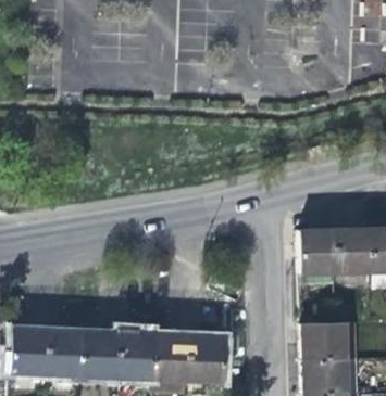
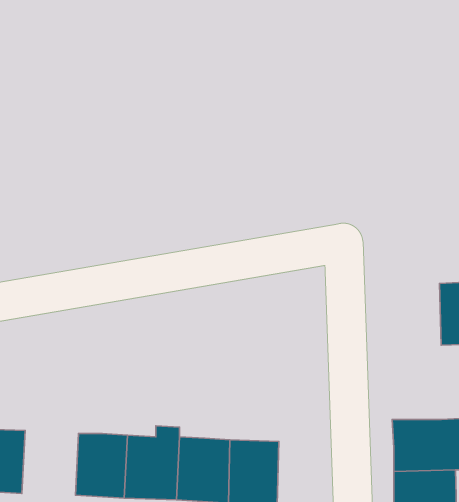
building: [301,230,337,285] -> none
building: [48,324,87,375] -> none

